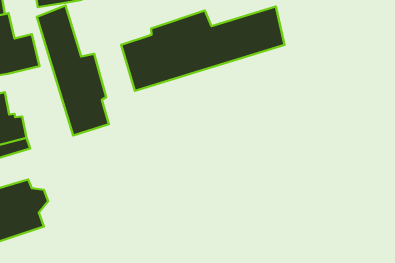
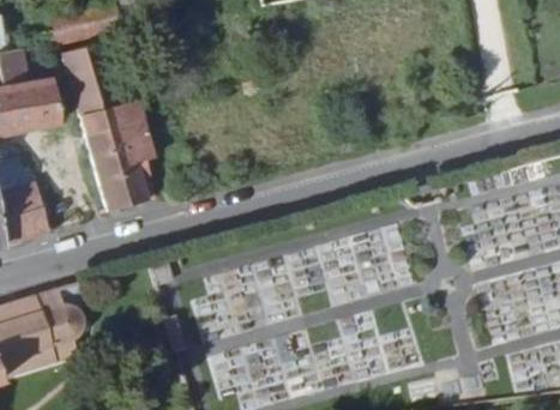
building: [121,6,285,91] -> none

